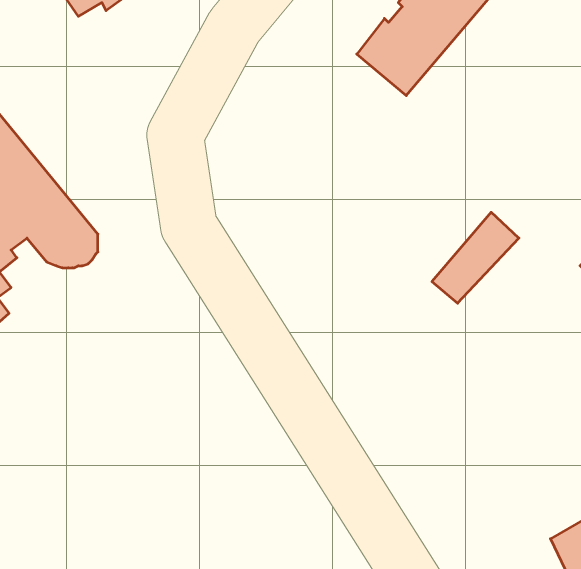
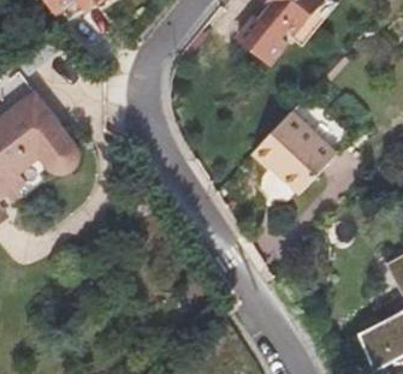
building: none -> [250,111,319,179]

